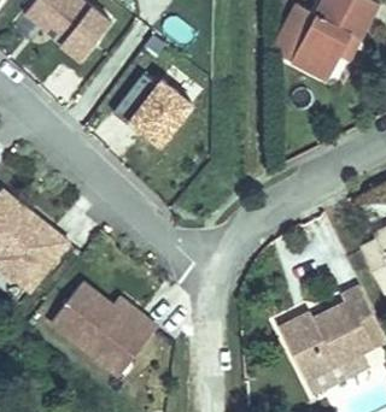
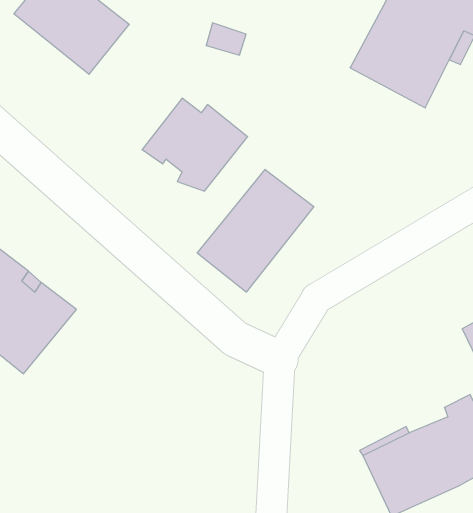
building: none -> [197,169,314,292]
building: [49,276,154,369] -> none

